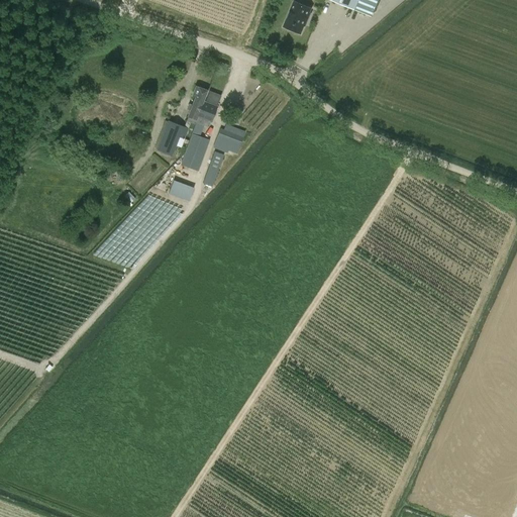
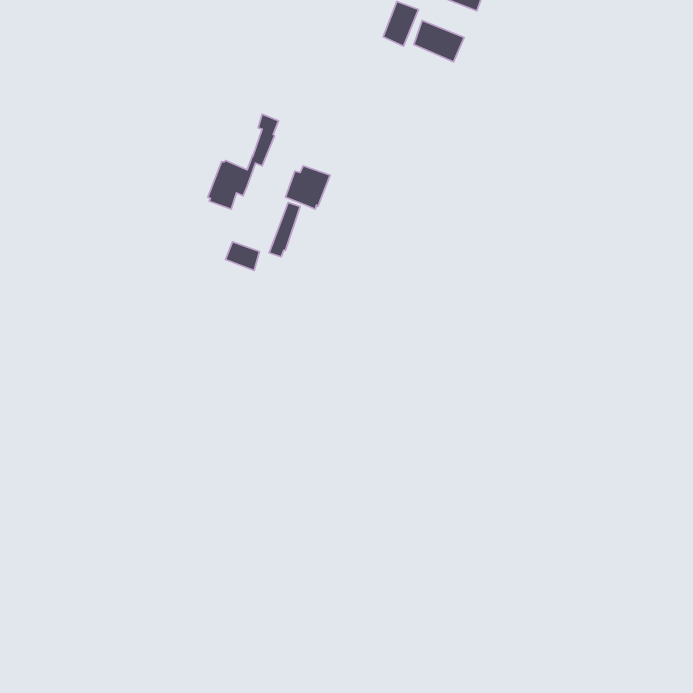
building: none -> [414,20,464,62]
building: [181,90,218,171] -> none

